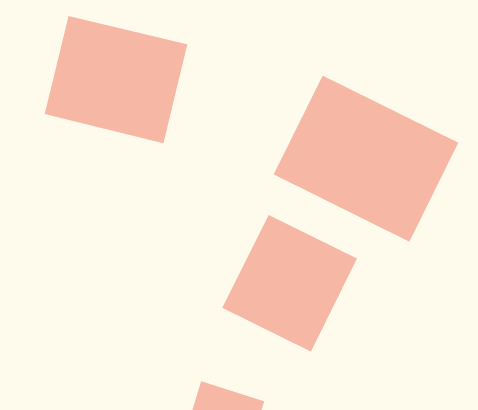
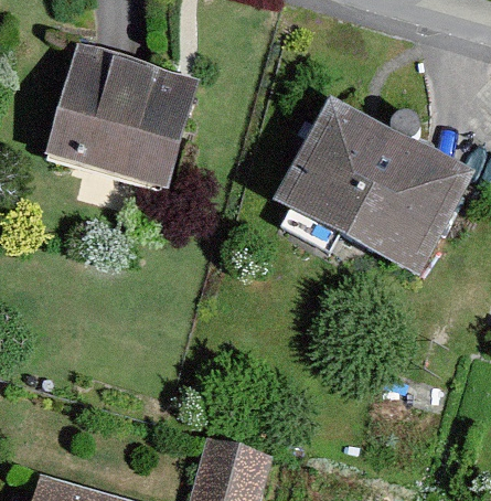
building: [221,214,358,353] -> none

